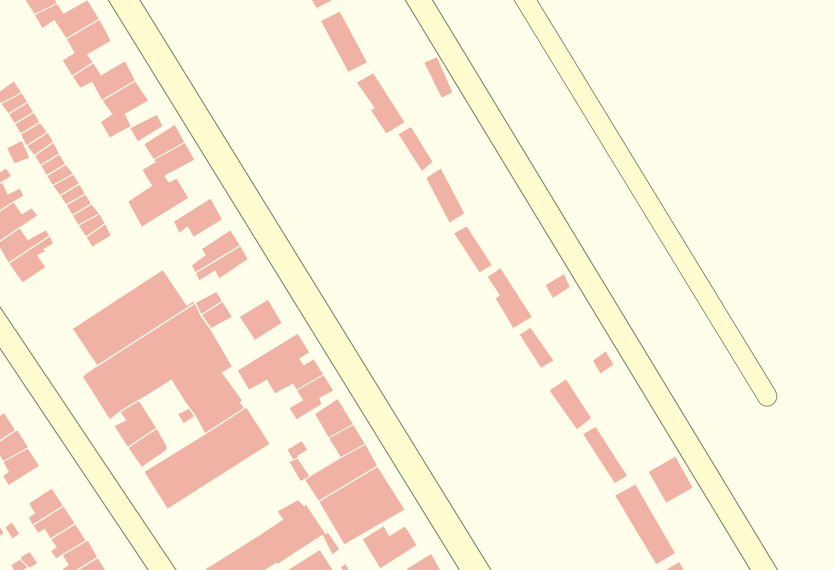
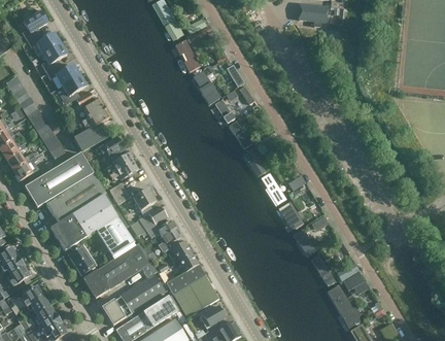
building: none -> [24,152,93,207]
building: none -> [101,266,165,325]

